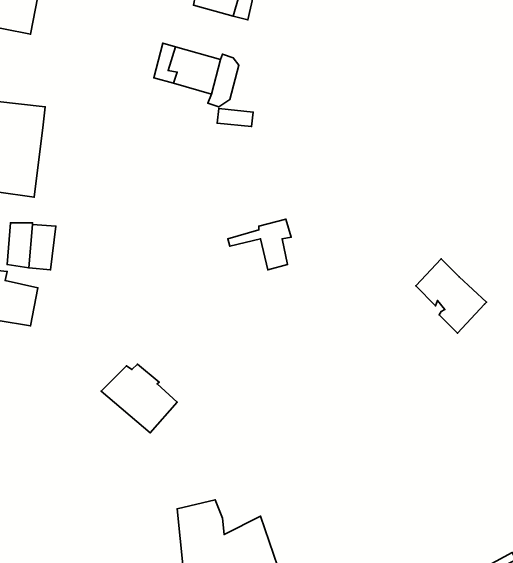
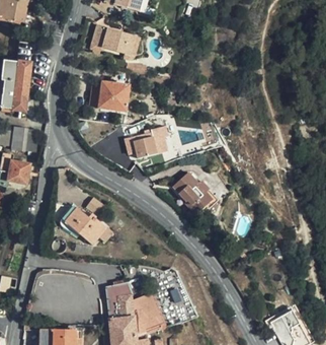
building: none -> [100,82,130,111]
building: none -> [124,136,156,158]
building: [416,259,486,333] -> [174,171,214,213]

